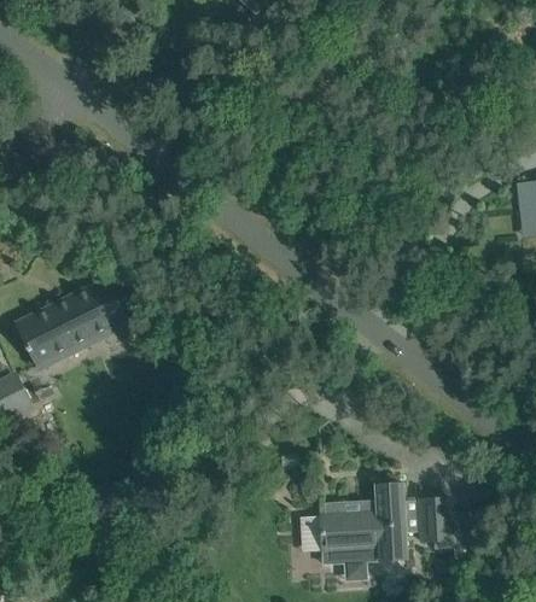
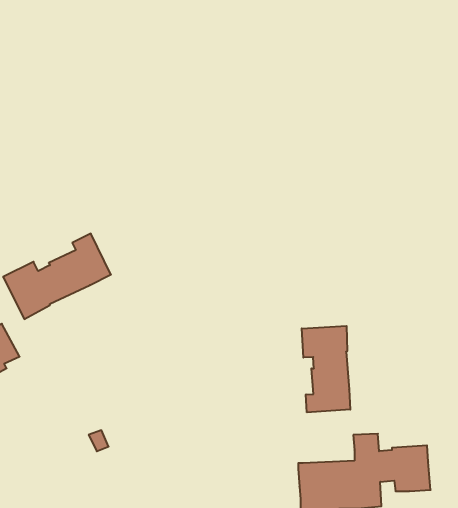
building: none -> [302,326,350,412]

